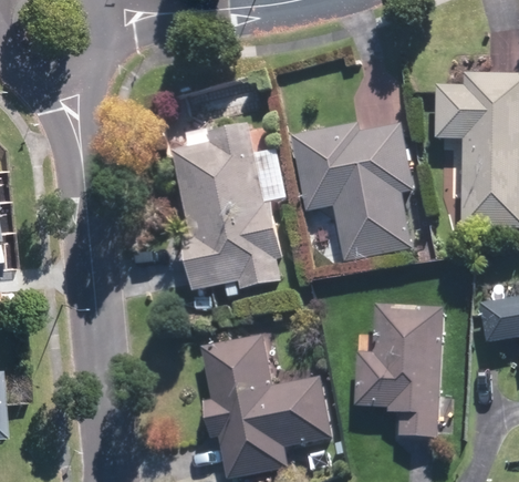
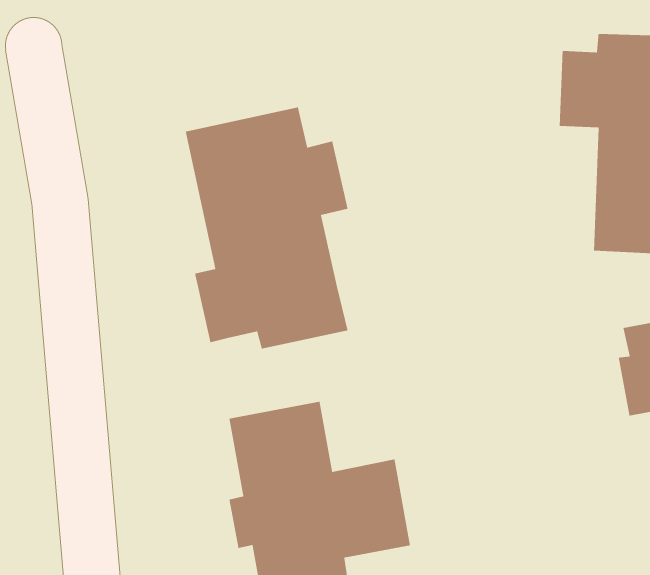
building: [291,122,415,264] -> none
building: [355,304,443,435] -> none

